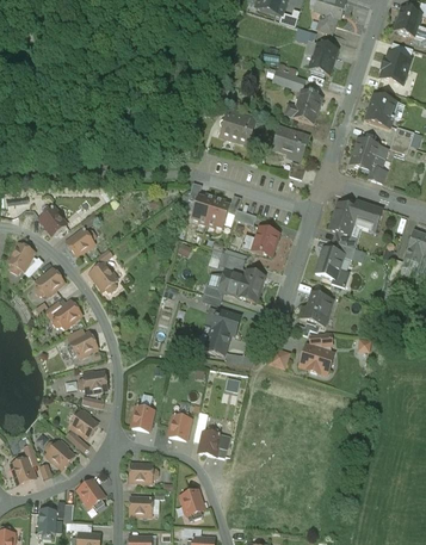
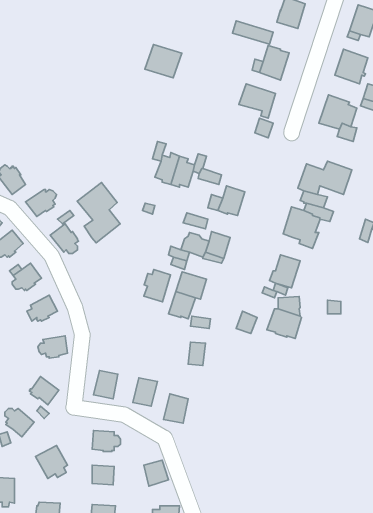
building: [220,111,255,143] -> [145,44,182,78]
building: none -> [77,182,120,243]
building: none -> [144,270,170,302]

